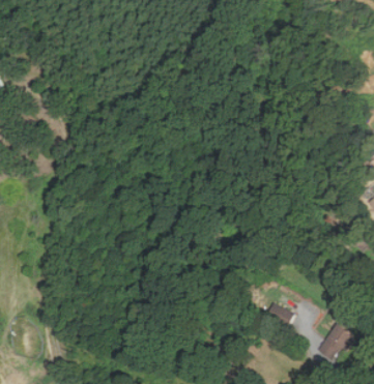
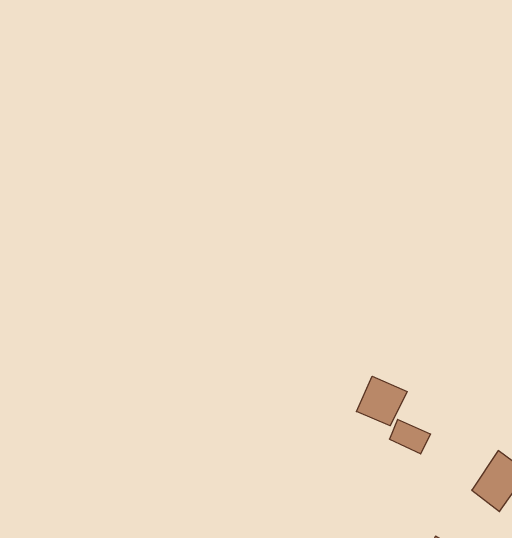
building: none -> [356,376,407,426]

